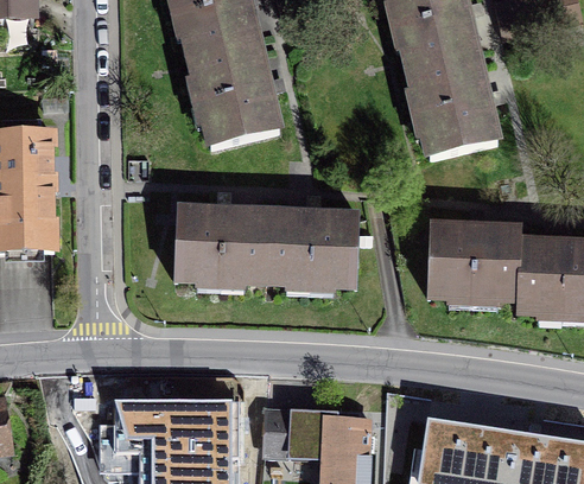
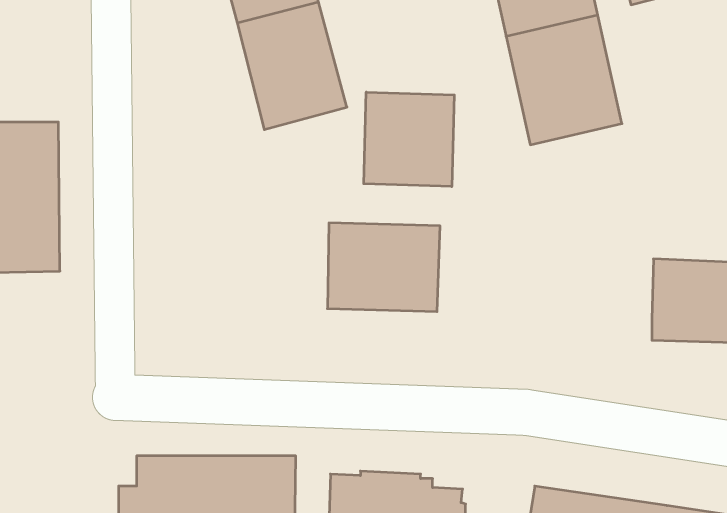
building: none -> [364,92,454,187]
building: [180,212,266,282] -> none
building: [426,223,523,291] -> none

